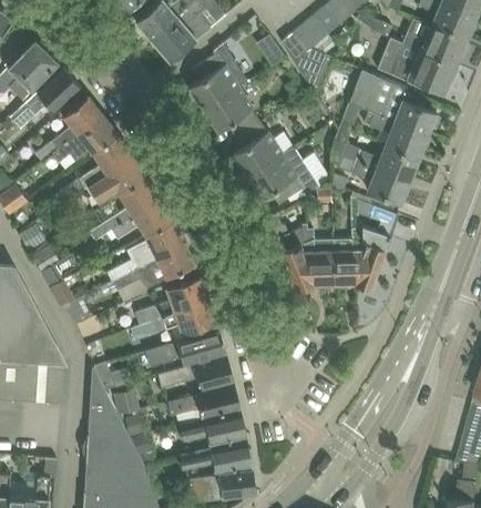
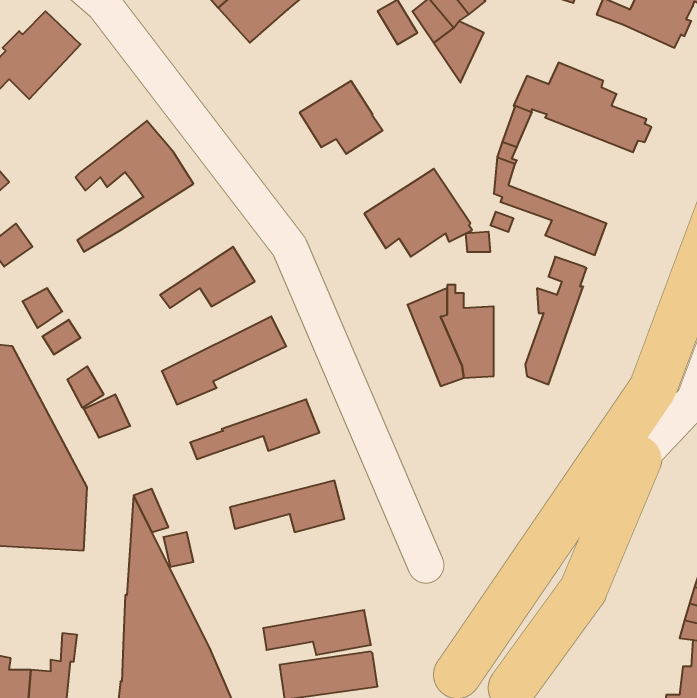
building: [191,44,247,109] -> none
building: [389,50,457,93] -> none
building: [9,68,80,129] -> none
building: [37,96,102,161] -> none
building: [344,112,427,183] -> none
building: [233,121,282,176] -> none
building: [84,156,160,233] -> none
building: [334,197,367,285] -> none
building: [106,222,185,282] -> none
building: [130,277,208,329] -> none
building: [145,328,225,366] -> none
building: [168,385,239,416] -> none
building: [178,412,246,444] -> none

